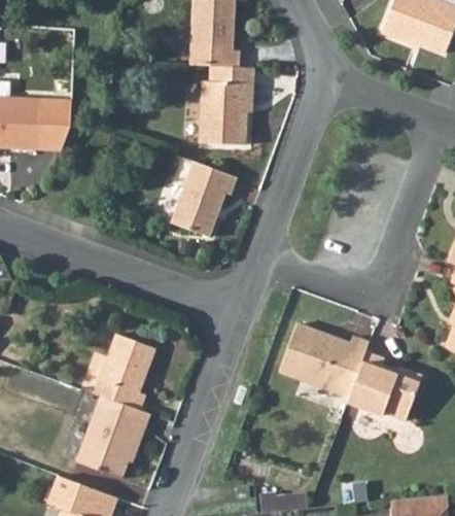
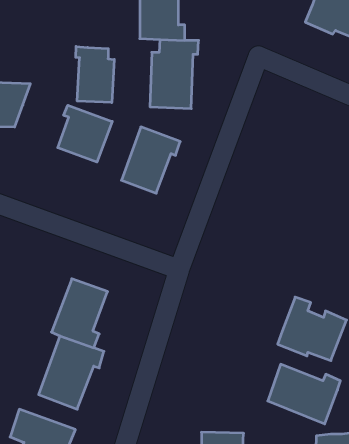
building: none -> [76,46,114,103]
building: none -> [58,105,112,162]
building: [287,320,369,387] -> [268,364,340,424]

